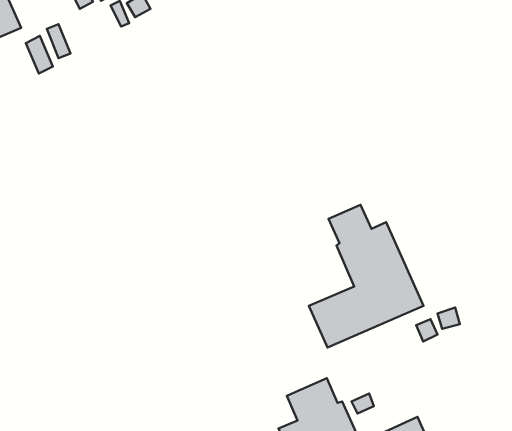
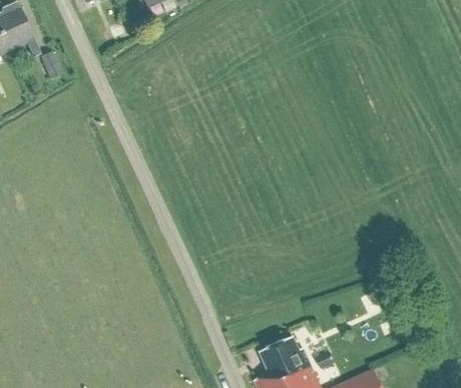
building: [309,205,423,348] -> none

